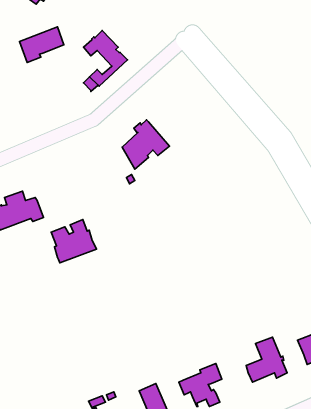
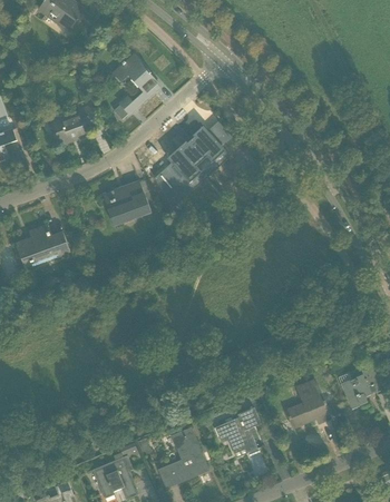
building: [20,27,64,63] -> [50,109,97,147]
building: none -> [179,126,227,177]
building: [51,220,96,263] -> [104,181,152,227]

